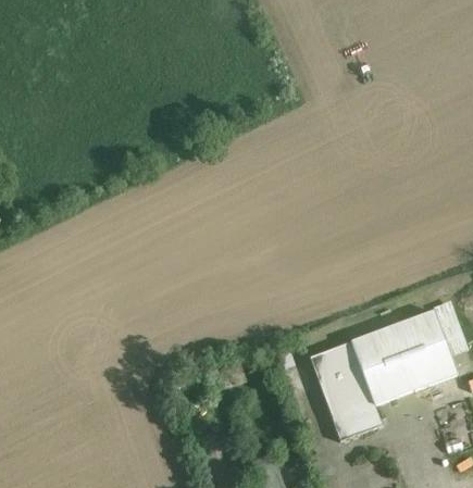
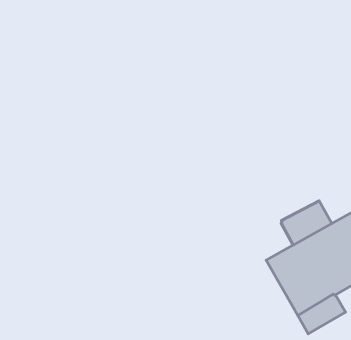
building: none -> [281,201,332,245]

